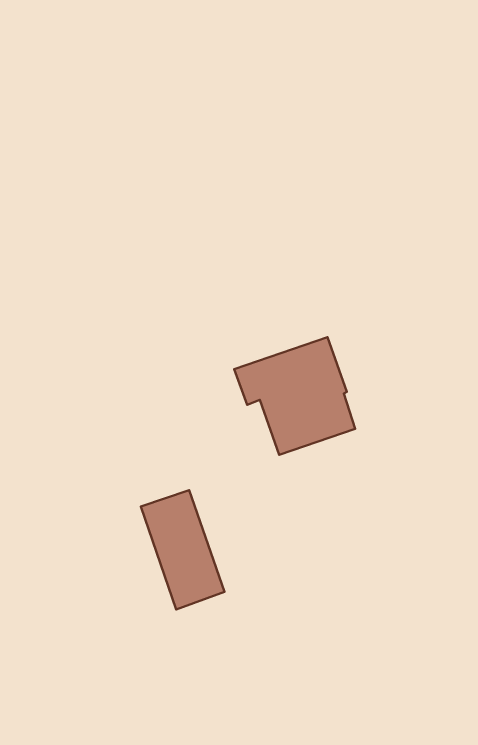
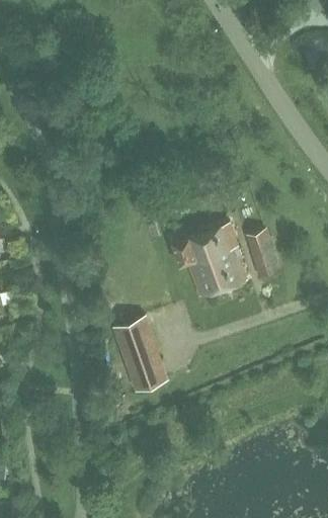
building: none -> [246,230,280,278]

